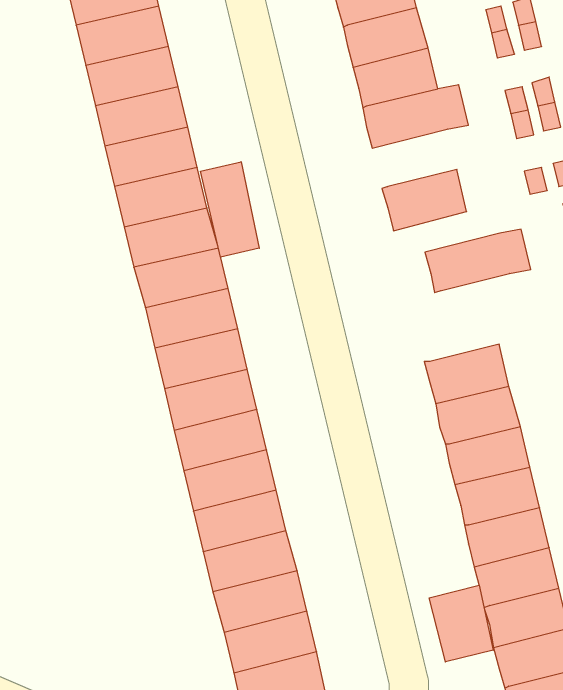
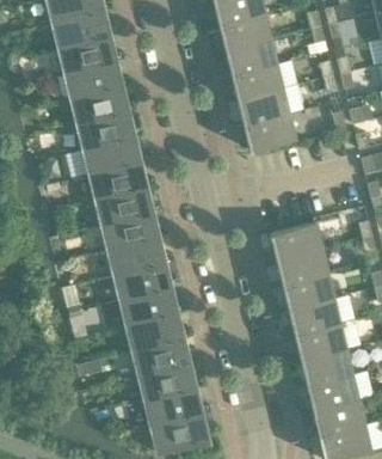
building: [201,162,259,257] -> none
building: [425,229,531,293] -> [236,85,302,124]
building: [429,585,493,662] -> none

